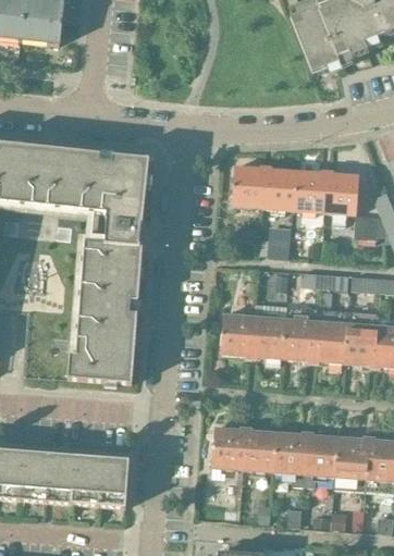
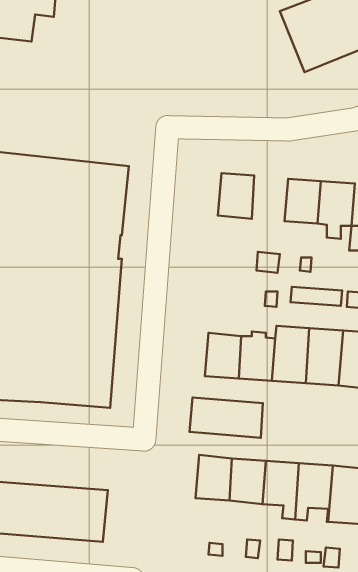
building: [263,168,297,210] -> none
building: none -> [189,398,263,438]

